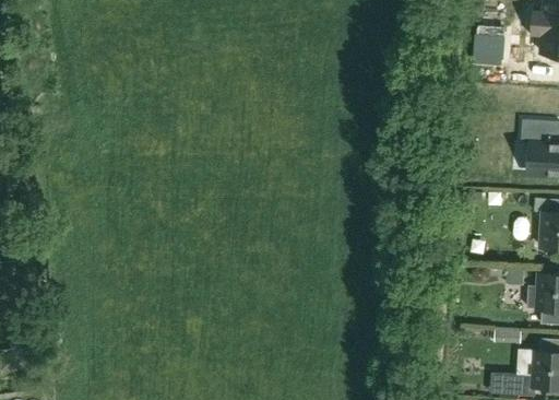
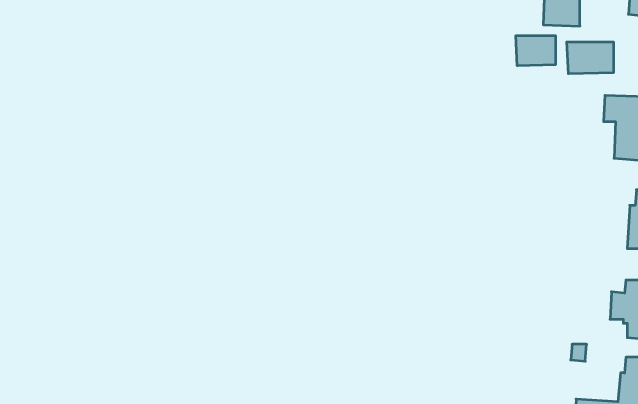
building: none -> [516,36,555,66]
building: none -> [567,42,613,74]

